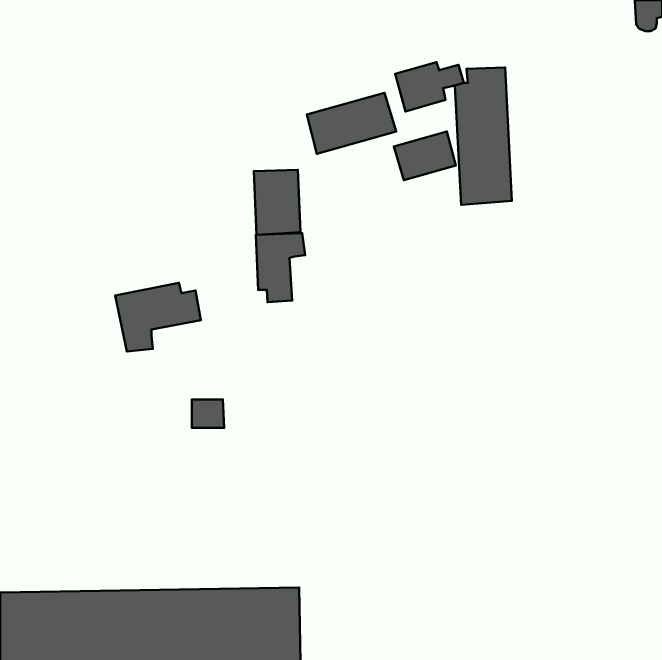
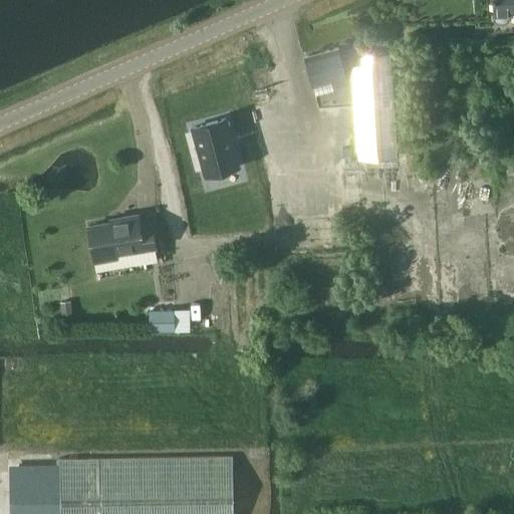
building: [307,93,396,154] -> none
building: [394,132,456,180] -> none
building: [256,233,305,302] -> none

